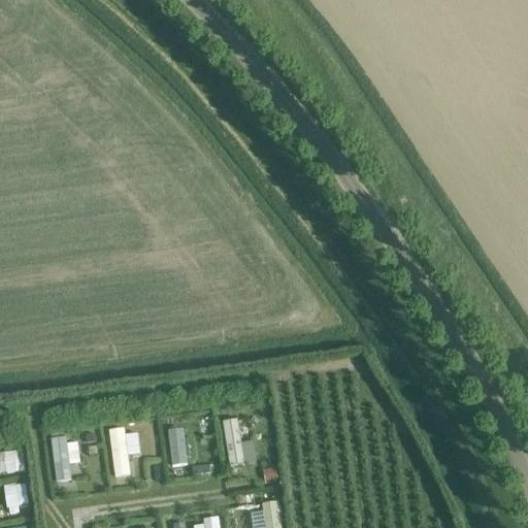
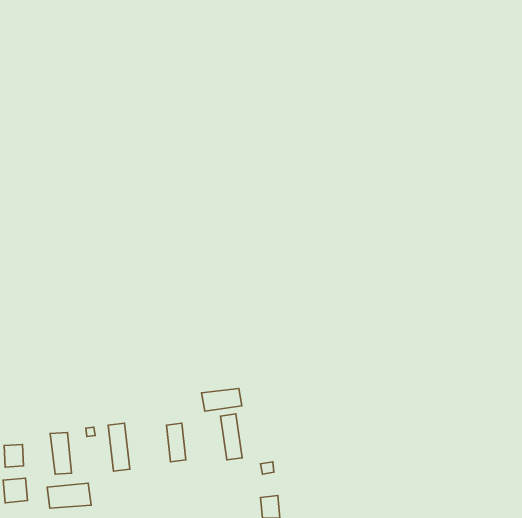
building: none -> [202,389,242,411]
building: none -> [47,483,91,508]

